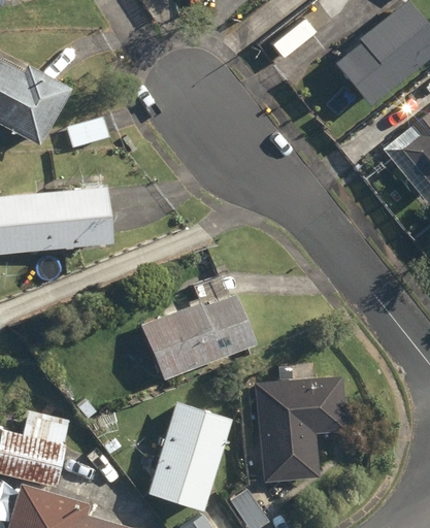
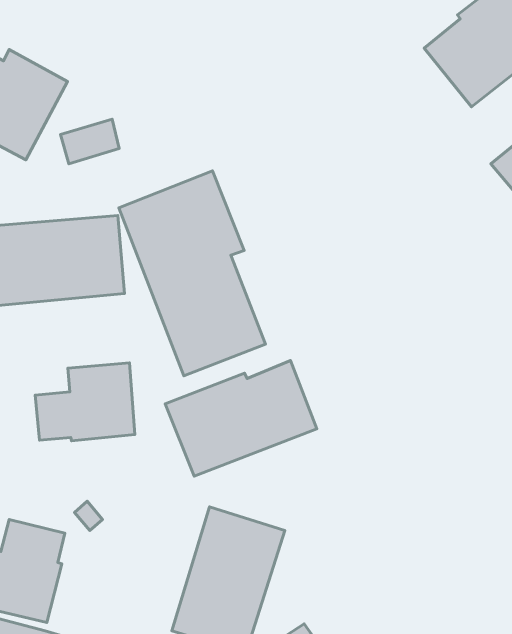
building: none -> [119,171,265,376]
building: none -> [35,363,135,441]
building: [257,364,348,482] -> none

